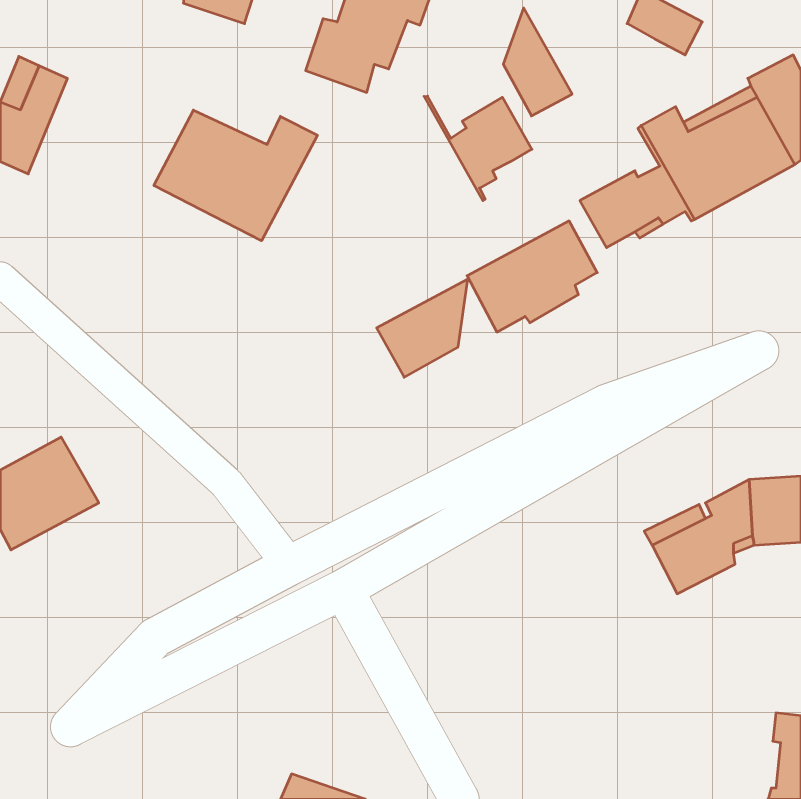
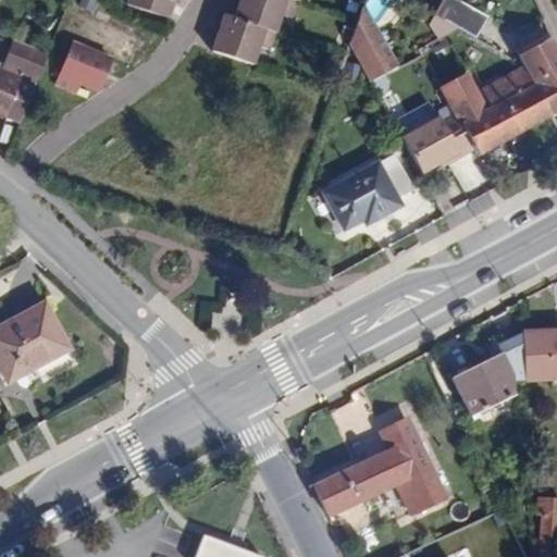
building: none -> [47,37,108,91]
building: [424,96,532,201] -> none
building: [154,110,317,241] -> none
building: [377,279,468,377] -> none
building: none -> [314,420,444,517]

